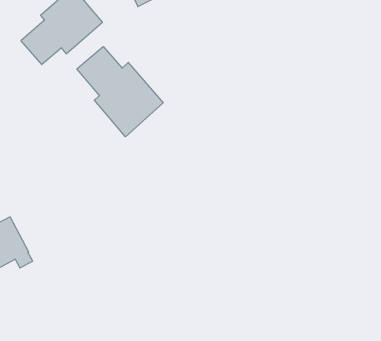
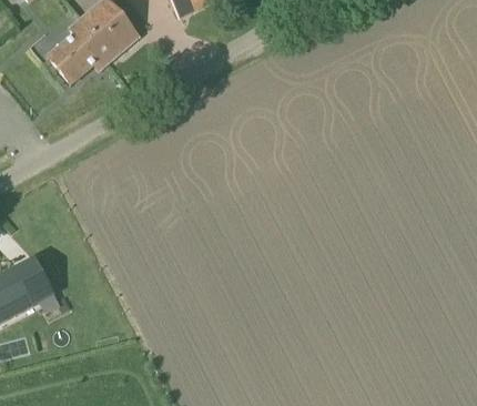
building: [77,47,163,137] -> none

